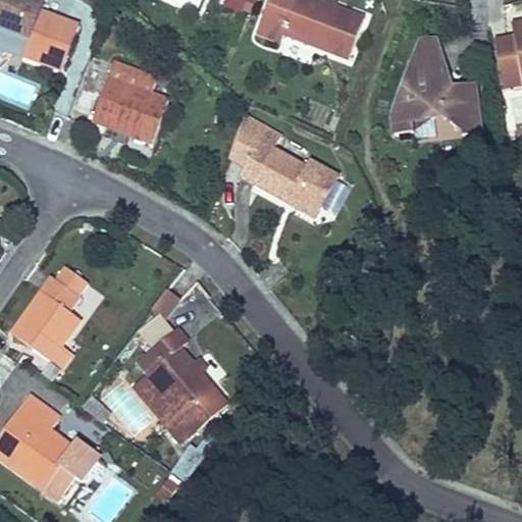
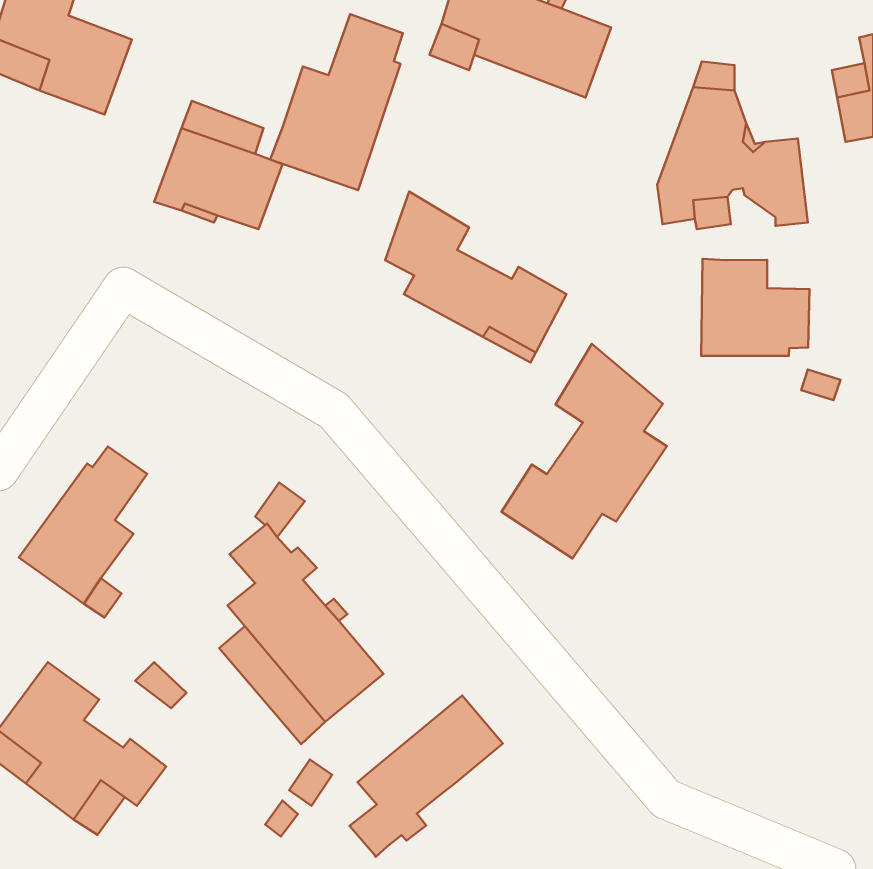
building: none -> [270,14,403,190]
building: none -> [701,259,810,356]
building: none -> [502,344,667,559]
building: none -> [349,695,503,857]

